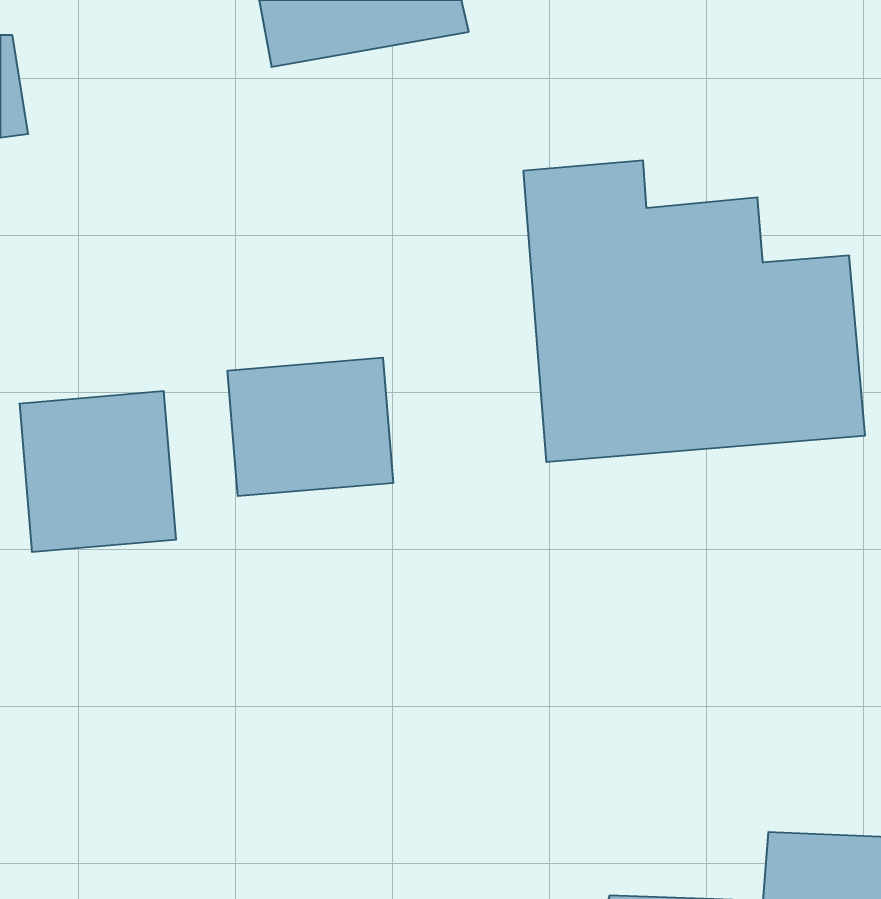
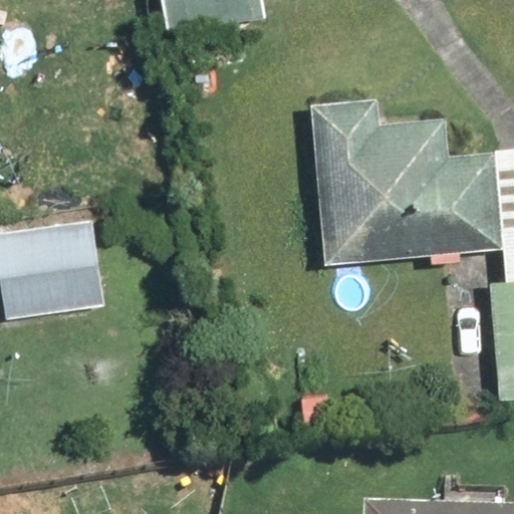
building: [228,358,393,496] -> none

